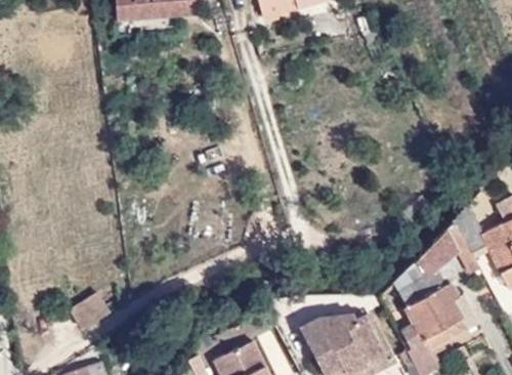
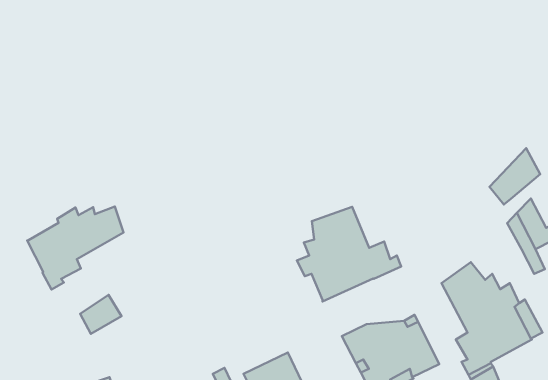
building: none -> [27,206,123,290]
building: none -> [297,207,401,301]
building: [415,231,459,280] -> [490,148,540,205]

